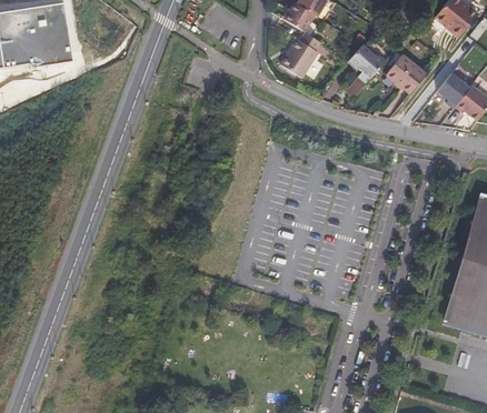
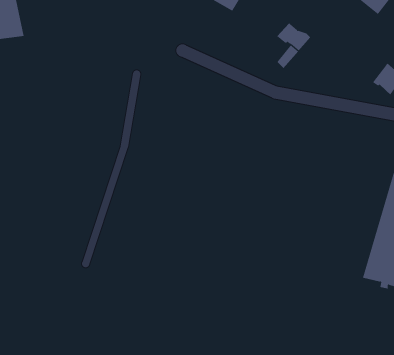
building: [277,32,318,78] -> none
building: [388,56,427,94] -> none
building: [436,77,468,111] -> none

